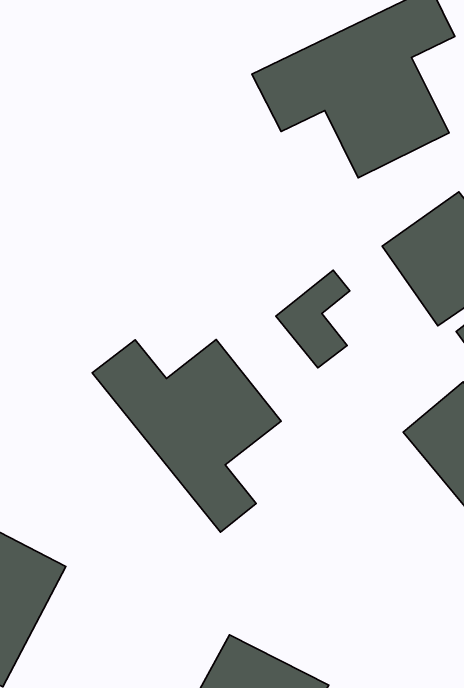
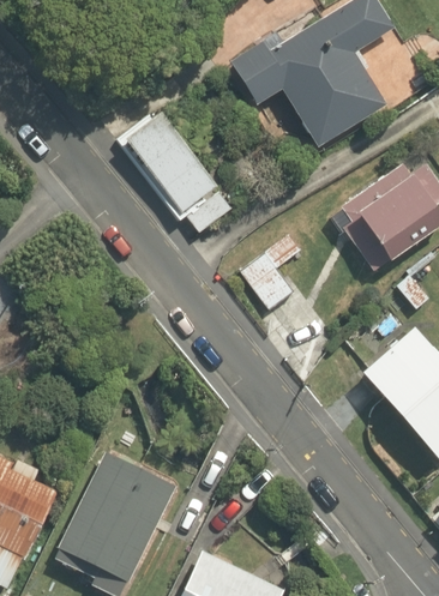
building: none -> [115,100,236,241]
building: [92,340,281,532] -> none
building: none -> [59,446,180,580]

